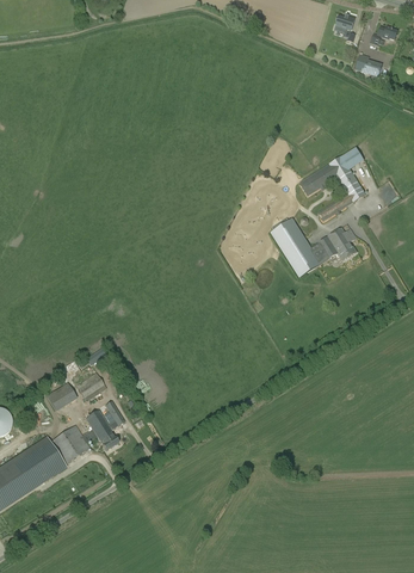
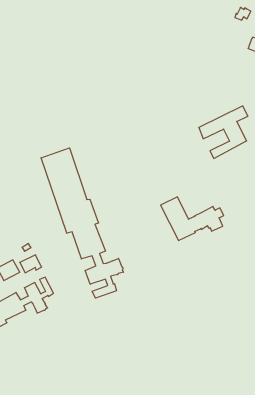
building: [271,218,357,277] -> [161,197,224,241]
building: none -> [41,148,123,298]

